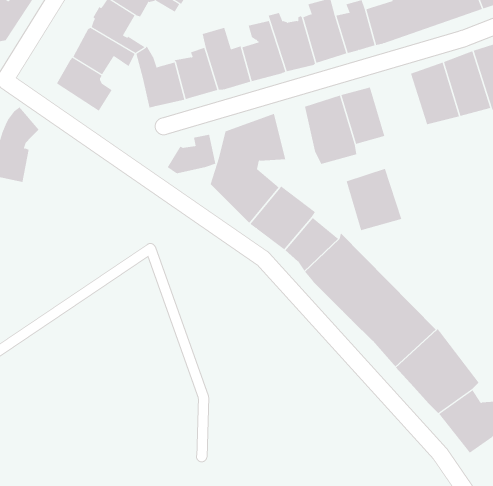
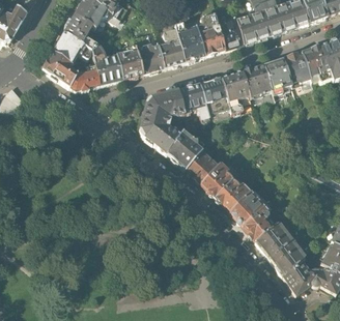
building: none -> [179,81,204,114]
building: [167,134,216,174] -> [69,63,101,88]
building: [346,168,402,231] -> [239,60,275,99]

